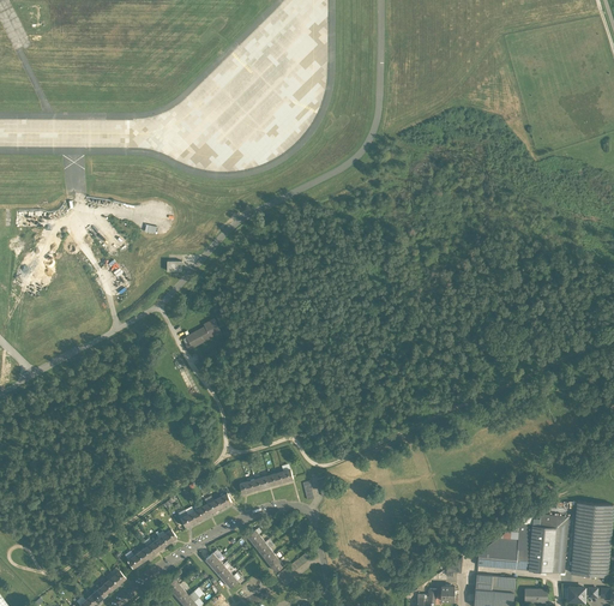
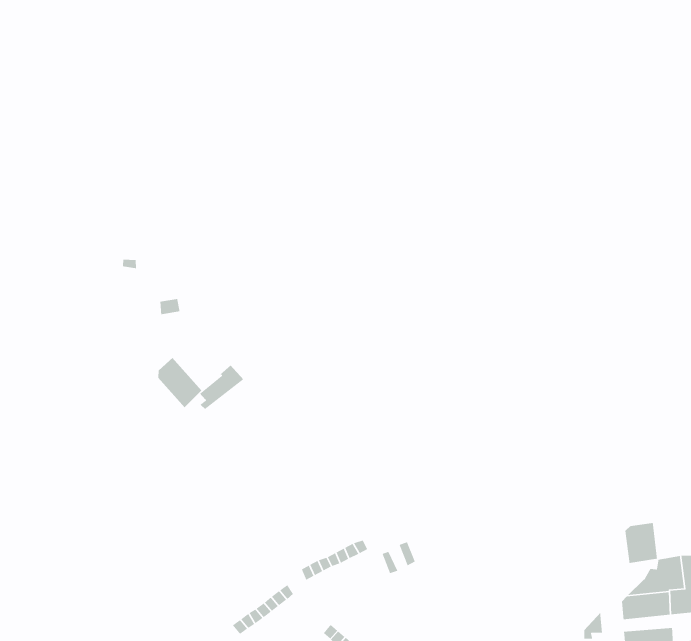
building: none -> [158,357,202,408]
building: none -> [625,522,658,564]

